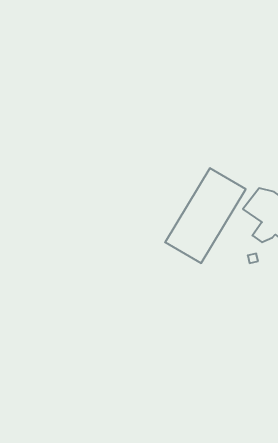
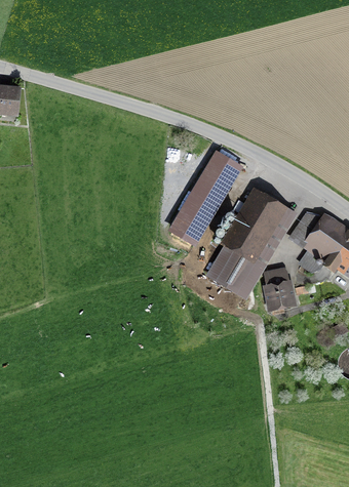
building: none -> [168,149,239,241]
building: none -> [262,267,295,307]

